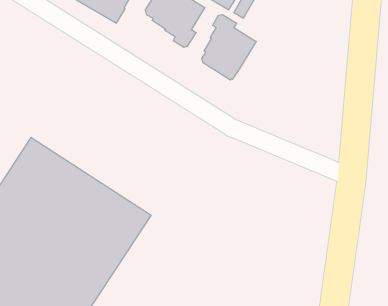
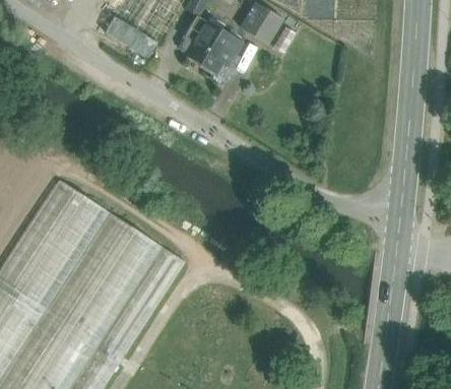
building: [202,15,256,80] -> none

